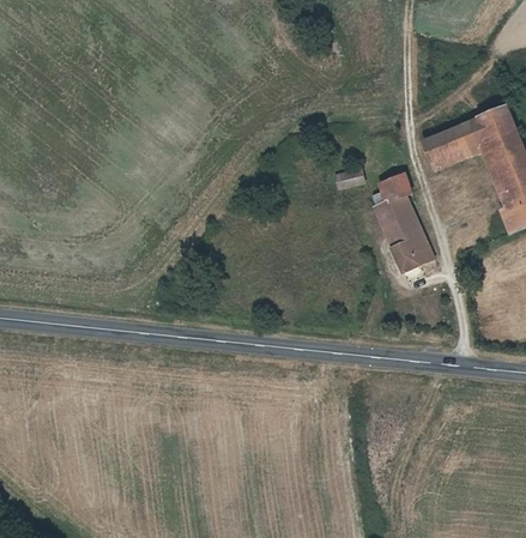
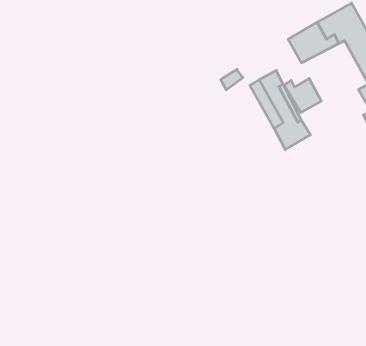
building: none -> [284,78,321,113]

